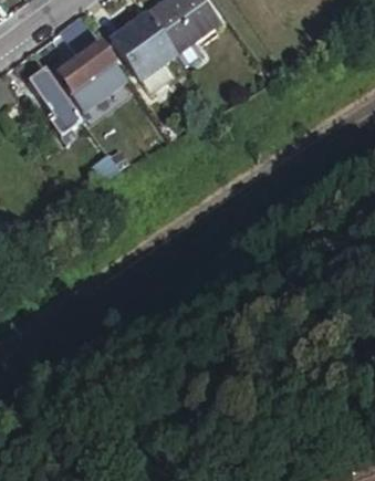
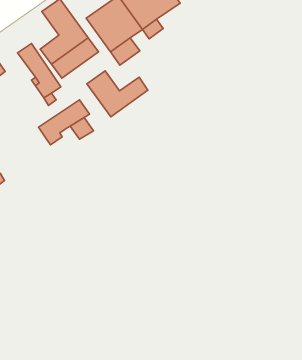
building: none -> [87,71,148,117]
building: none -> [39,100,89,145]

